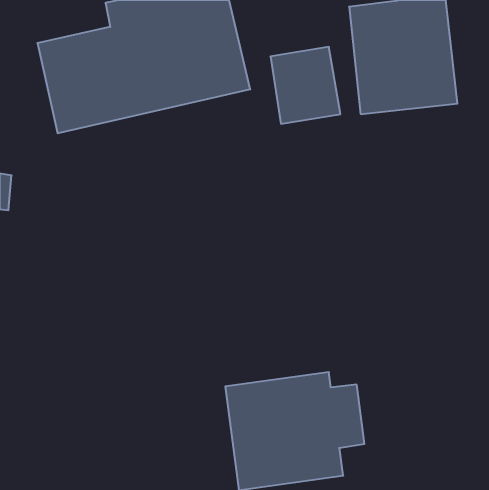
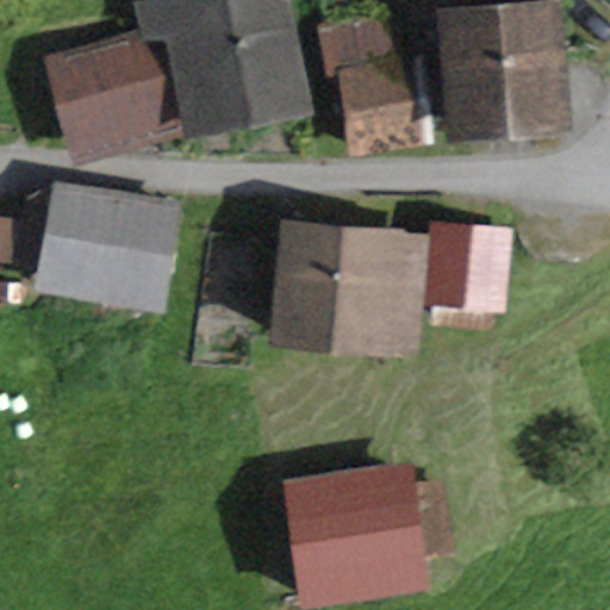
building: none -> [35,180,179,310]
building: none -> [264,219,510,355]

